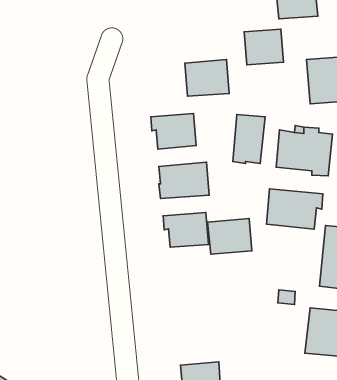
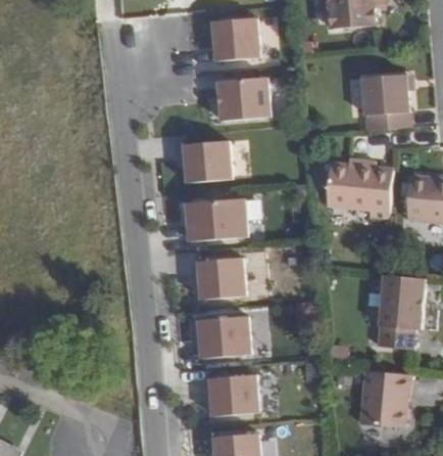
building: [244,29,283,65] -> [213,18,259,60]
building: [233,114,265,163] -> none
building: [266,189,323,229] -> none
building: [207,219,252,254] -> [198,317,250,359]
building: none -> [203,375,259,416]

